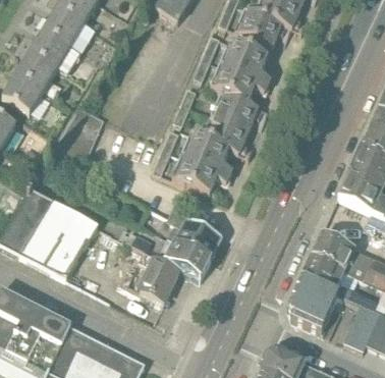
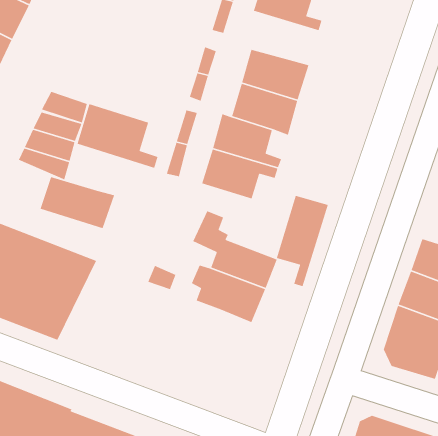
building: [212,66,266,103] -> none
building: none -> [76,103,159,169]
building: none -> [39,176,115,229]
building: none -> [276,195,329,287]
building: [136,251,178,301] -> none

